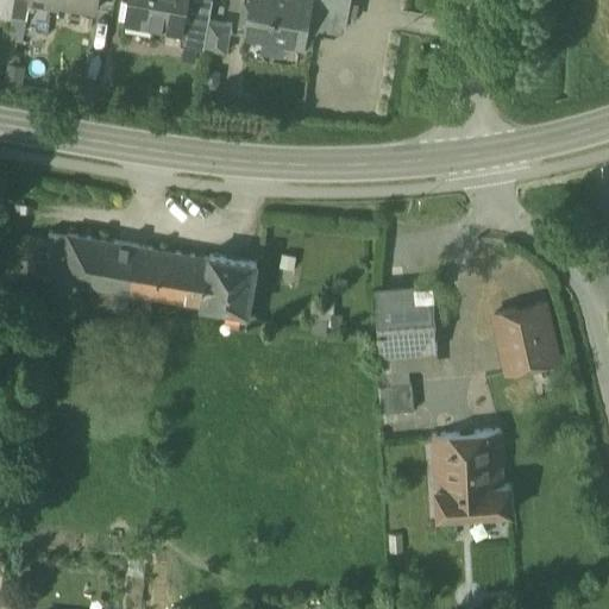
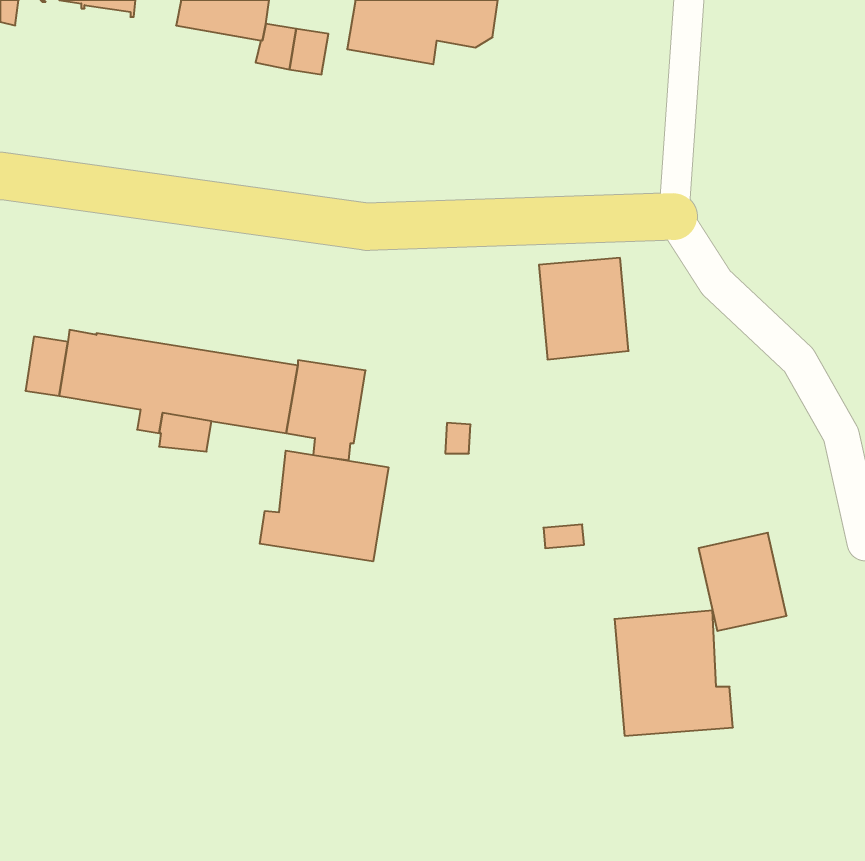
building: [375,287,438,358] -> [539,258,629,359]
building: [495,304,557,373] -> [699,533,787,631]
building: none -> [260,451,388,561]
building: [378,385,414,416] -> none

